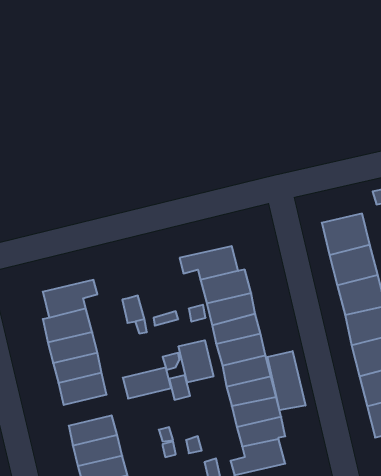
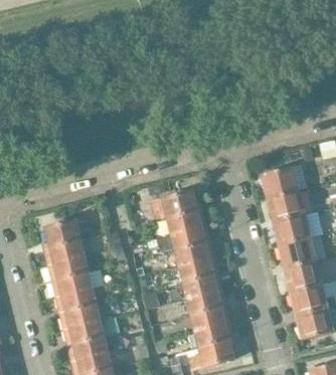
building: [179,340,213,383] -> none
building: [267,351,305,410] -> none
building: [123,367,171,399] -> [61,308,99,332]

